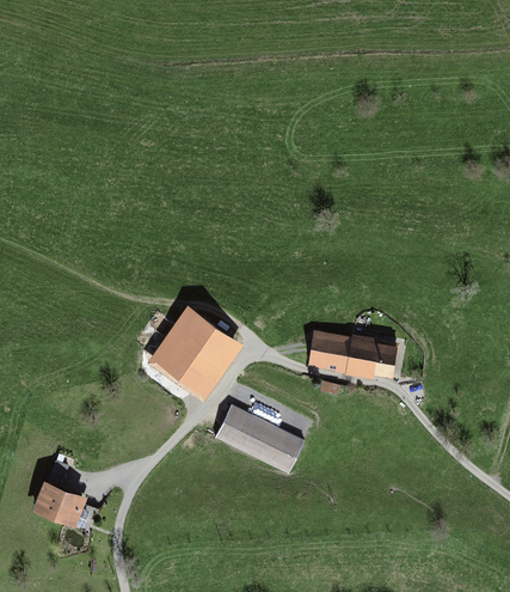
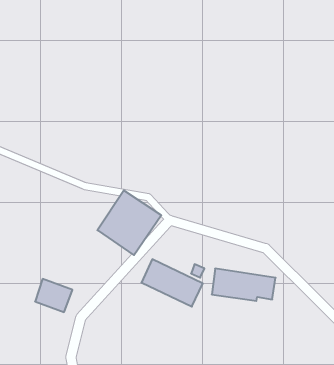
building: [307,331,399,378] -> [212,269,276,301]
building: [32,477,86,525] -> [35,279,72,312]

